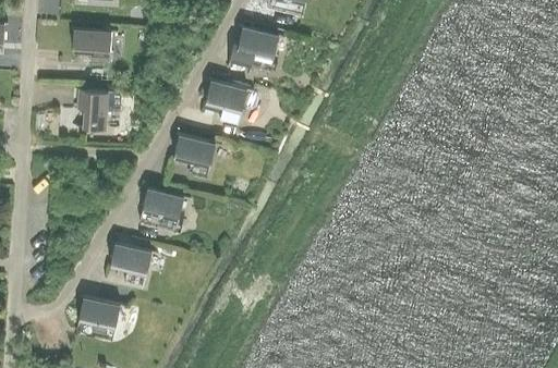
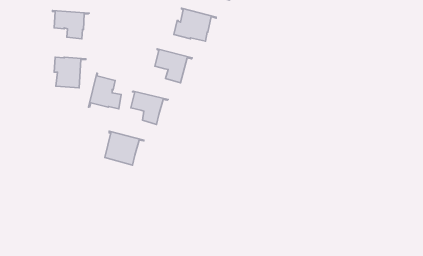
building: none -> [89,73,121,109]
building: [110,242,158,285] -> none
building: [78,296,126,339] -> none

